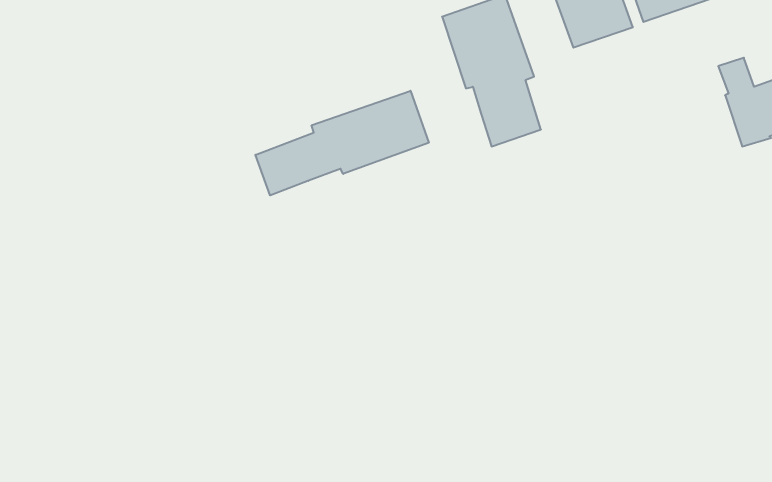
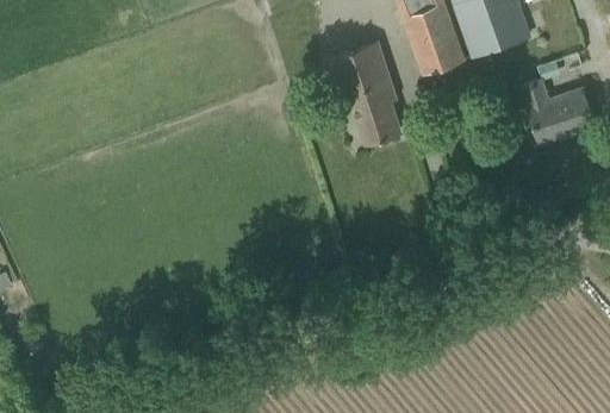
building: [255,91,429,195] -> none

